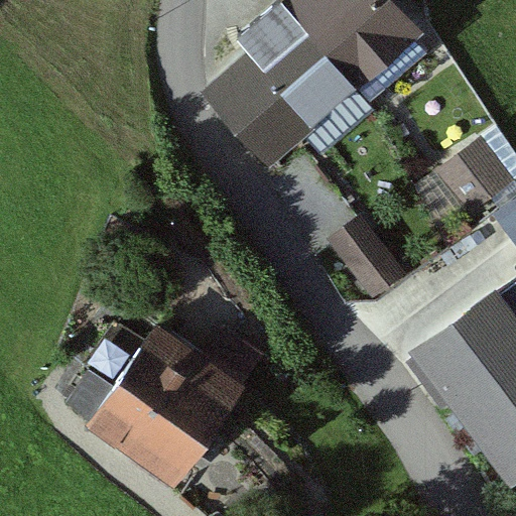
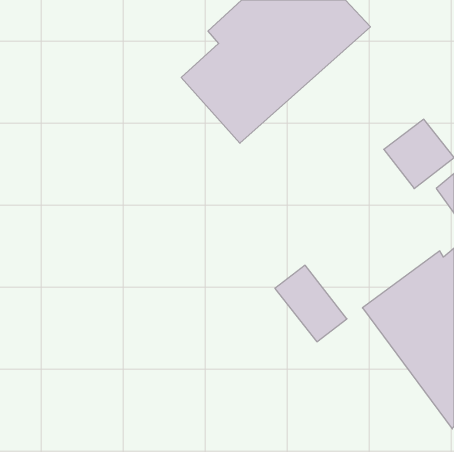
building: [326,216,407,302] -> [275,265,347,342]
building: [66,330,263,488] -> none

